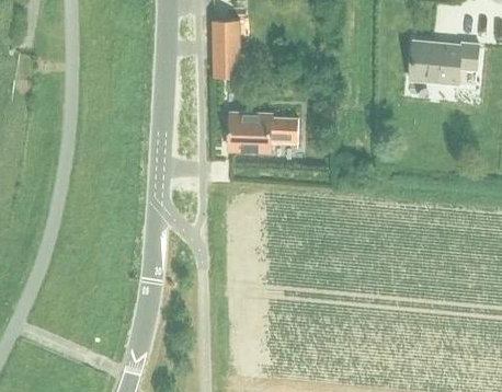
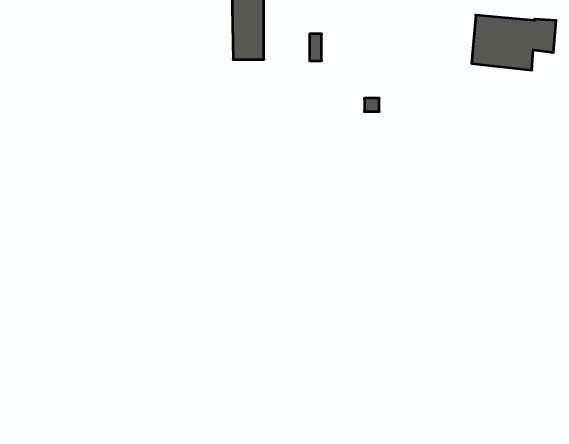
building: [228,111,297,152] -> none

